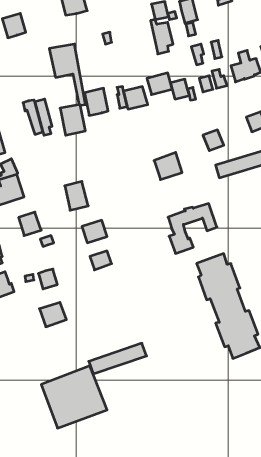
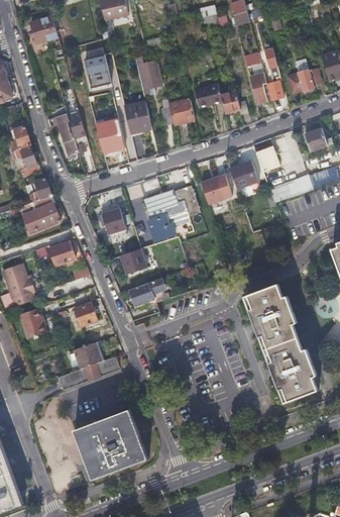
building: [151,20,173,54] -> [134,58,159,96]
building: none -> [230,160,258,188]
building: [168,204,217,253] -> [142,185,197,240]
building: [89,343,147,374] -> [59,354,123,389]

